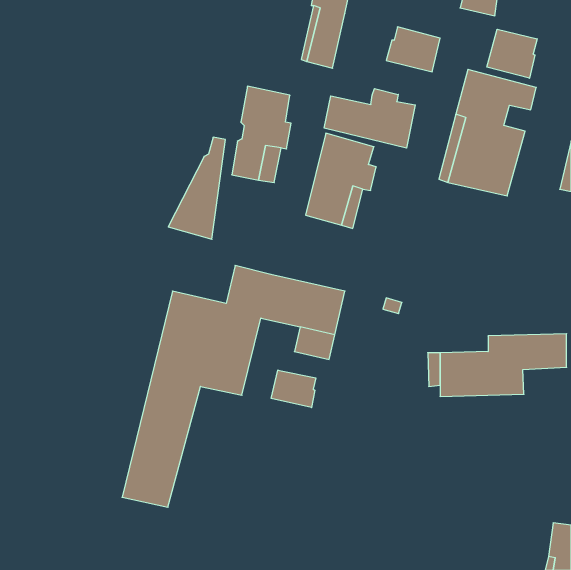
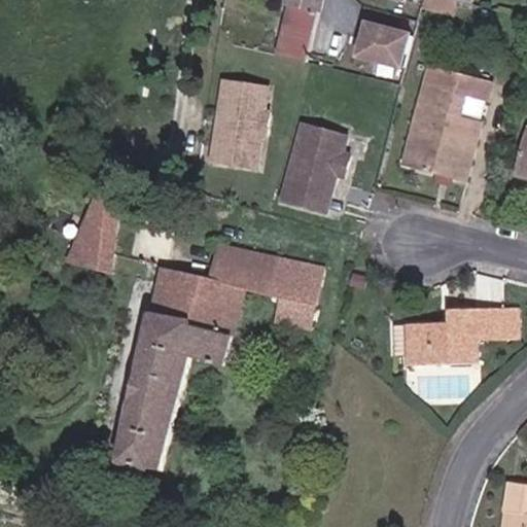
building: [487,29,537,78] -> none
building: [324,89,415,148] -> none
building: [168,137,225,239] -> [66,174,118,268]
building: [271,370,316,408] -> none

